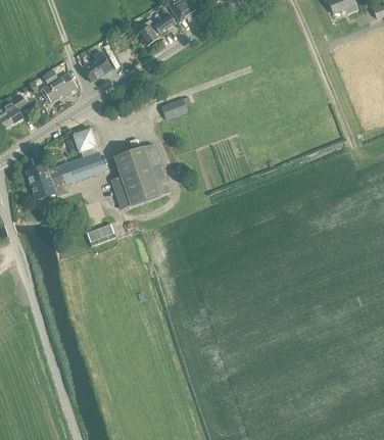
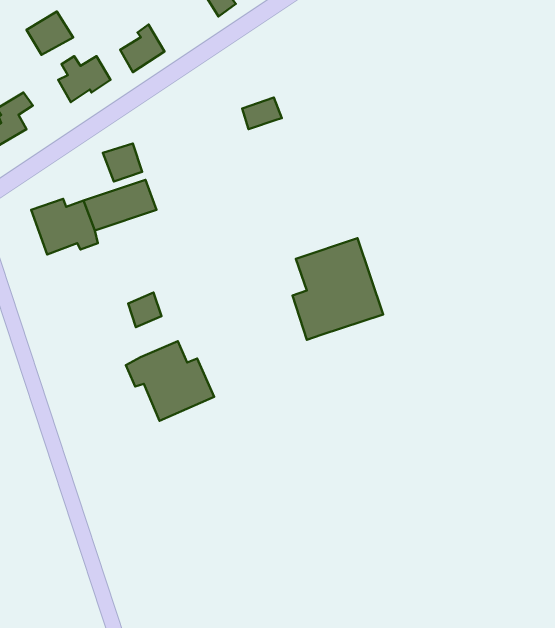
building: none -> [26,12,73,55]
building: [110,143,169,208] -> [293,238,383,340]
building: none -> [126,341,214,421]

